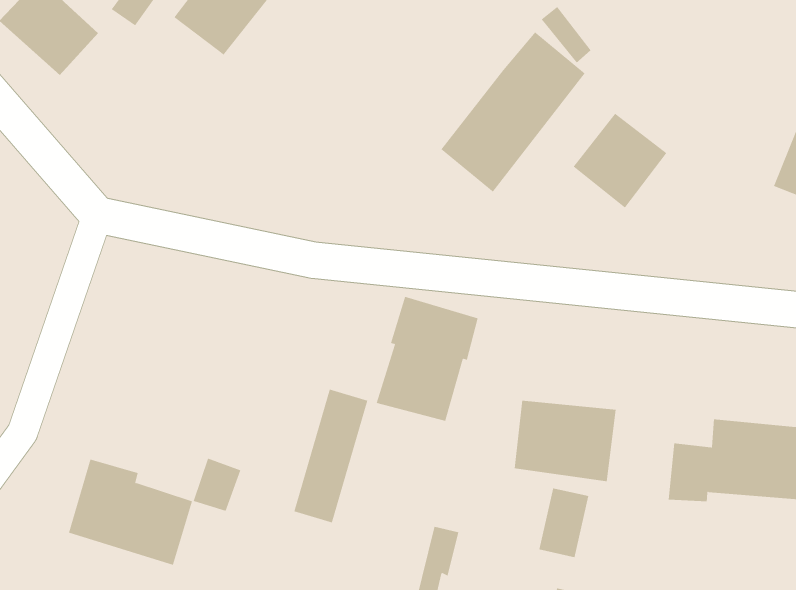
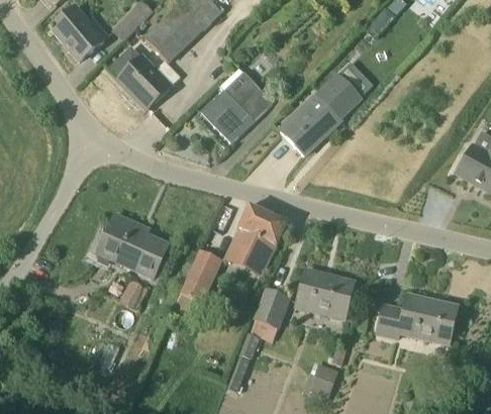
building: none -> [117,54,173,108]
building: none -> [201,71,273,142]
building: [573,113,667,209] -> none
building: [68,459,193,565] -> [98,214,168,278]
building: [538,488,589,558] -> [258,290,289,329]

